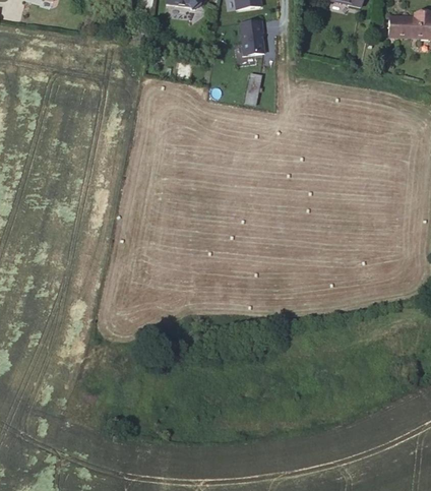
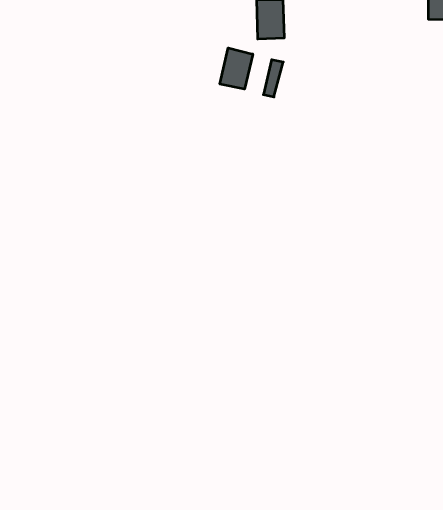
building: none -> [220,48,253,89]

